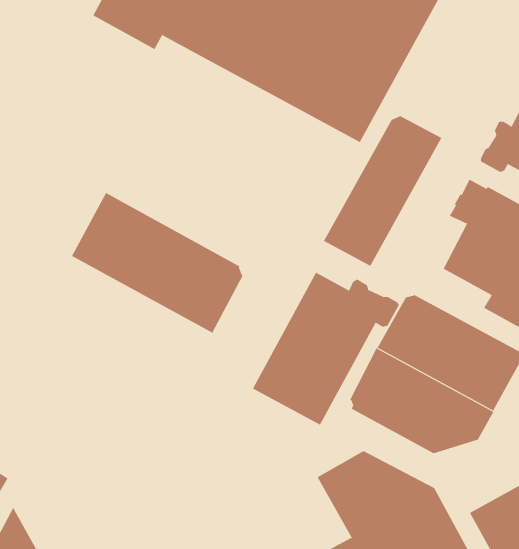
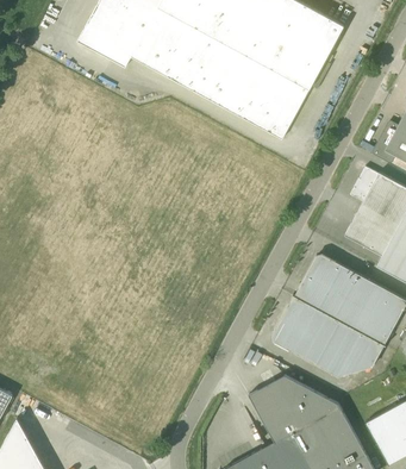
building: [323,115,444,269] -> none
building: [68,192,243,335] -> none
building: [252,272,400,425] -> none

